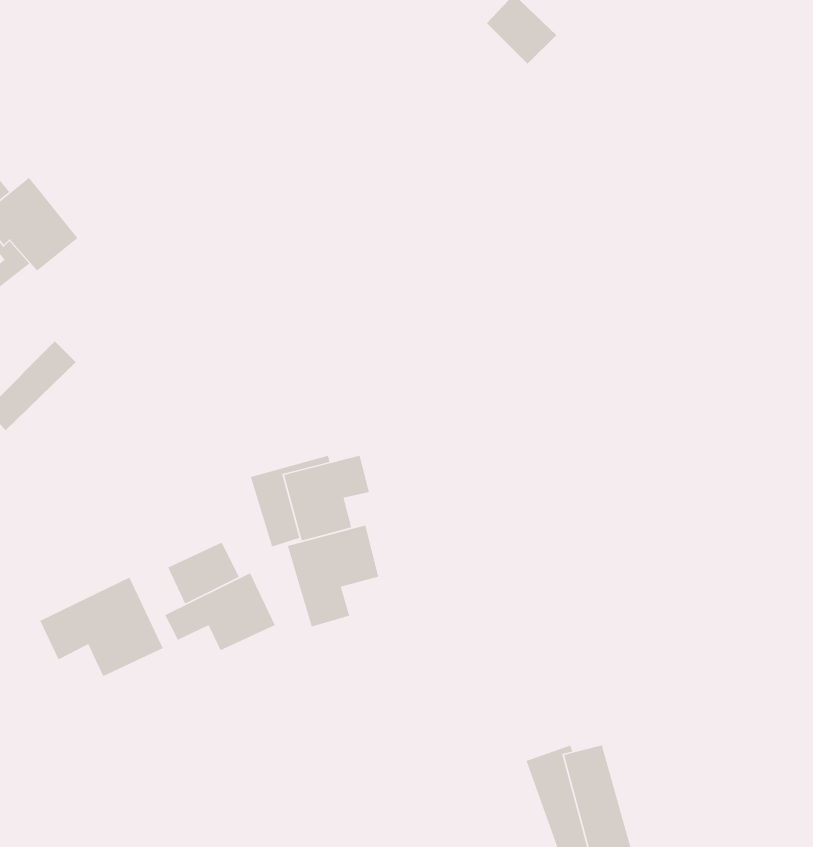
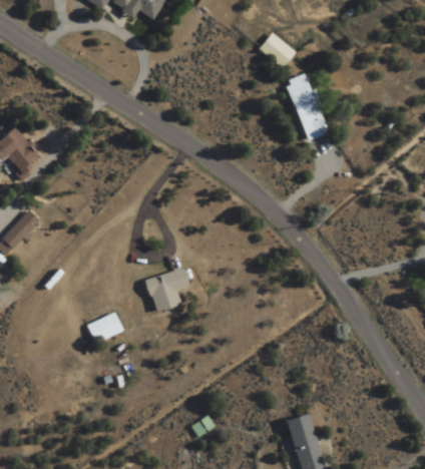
building: none -> [282,73,326,141]
building: [287,524,379,628] -> none
building: [164,572,276,651] -> none
building: [39,577,164,677] -> none

